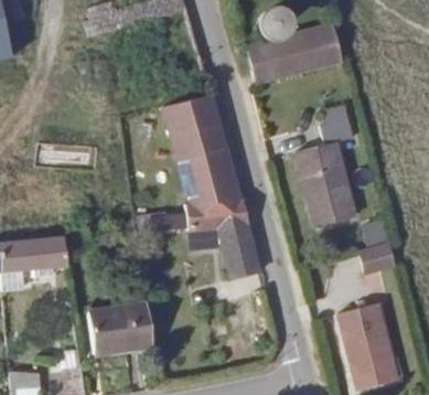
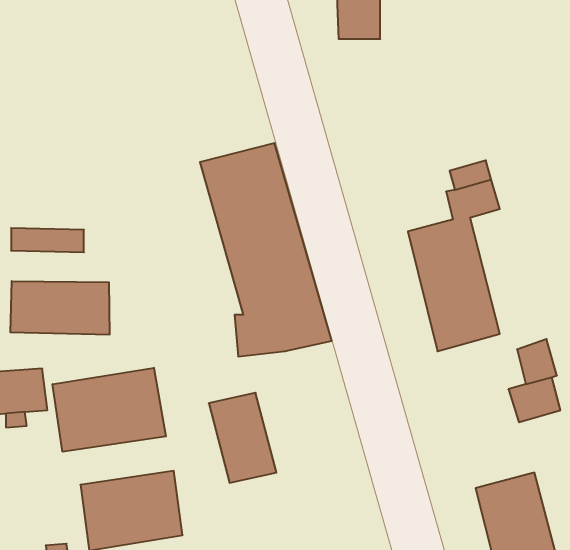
building: [246,23,342,83] -> none
building: none -> [10,281,109,335]
building: [217,221,260,278] -> [209,393,276,483]
building: none -> [53,368,166,452]

